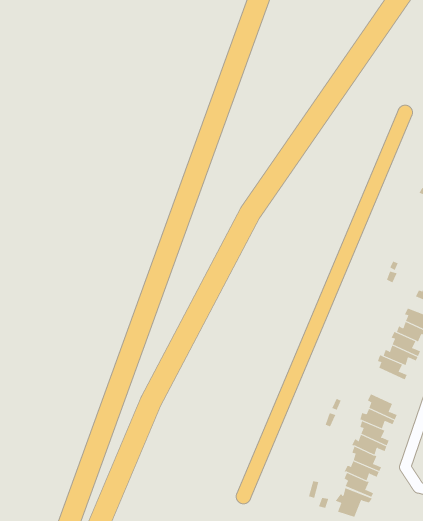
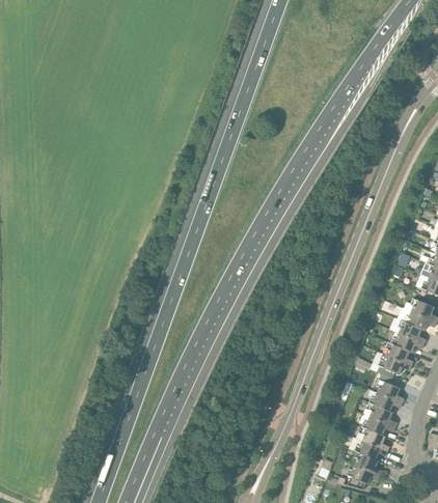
building: none -> [378,354,412,378]

